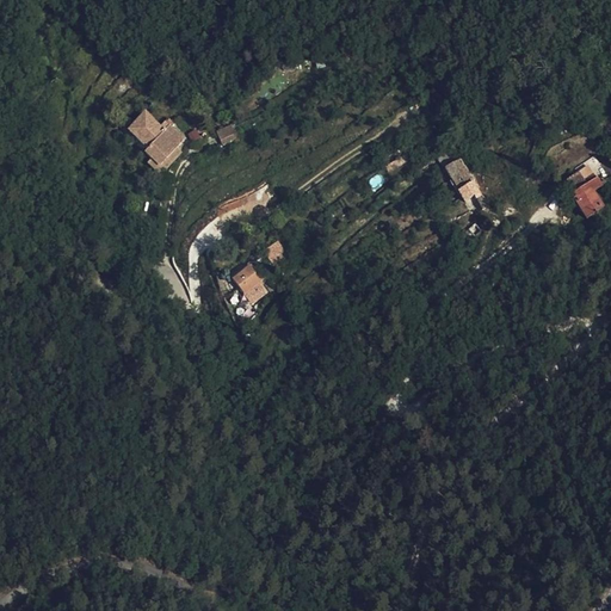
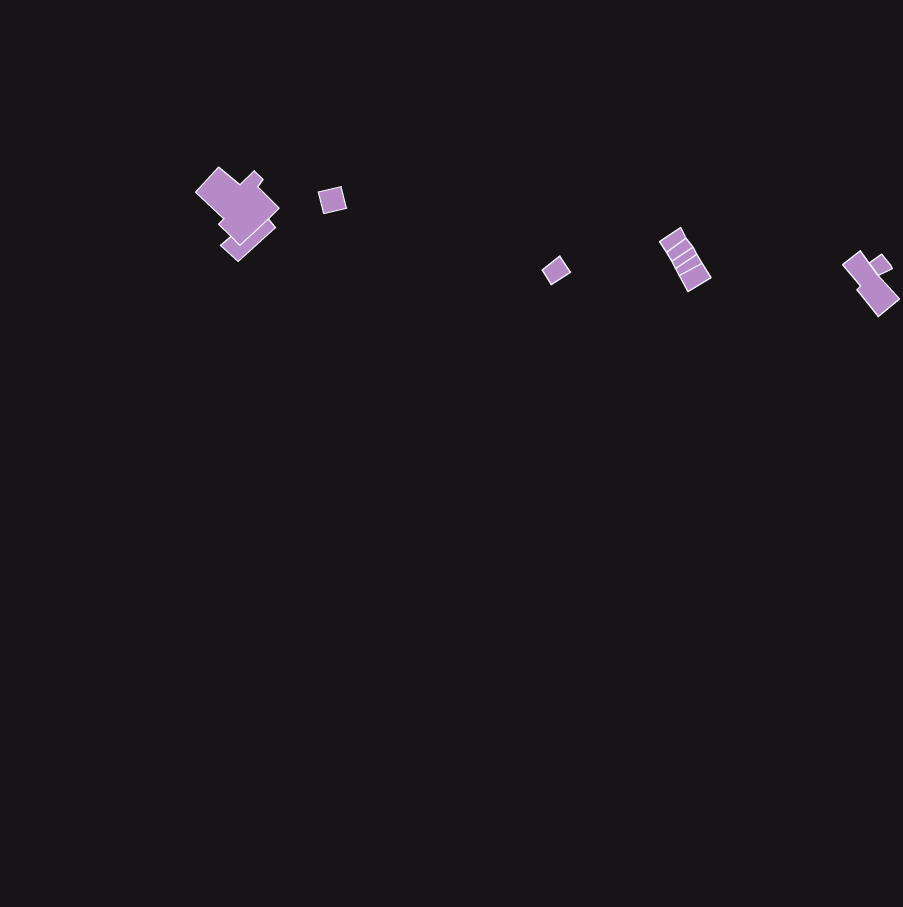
building: [232,266,265,295] -> none

